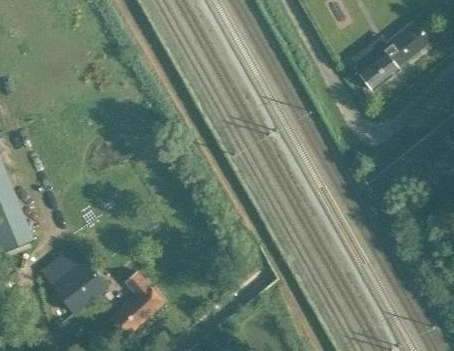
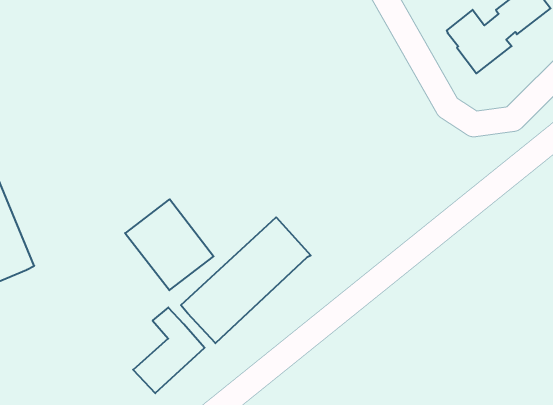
building: none -> [181,217,311,343]
building: [40,243,108,313] -> [125,199,214,290]

